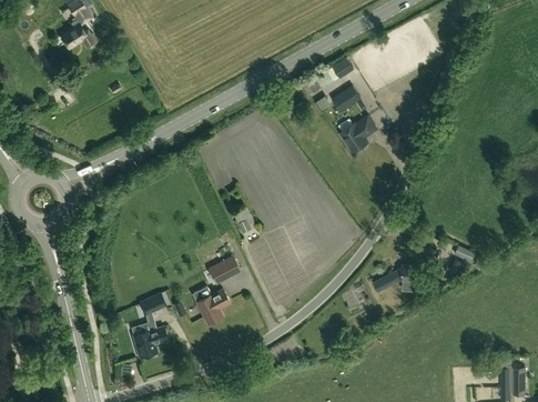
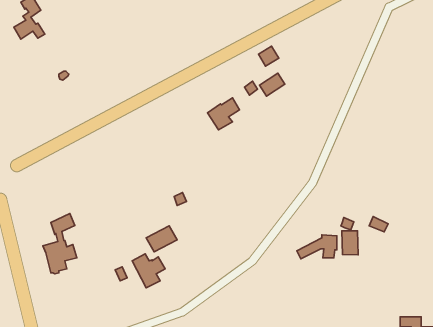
building: [341,117,376,152] -> [207,98,239,130]
building: none -> [342,231,358,255]
building: [131,292,169,359] -> [43,214,77,274]

